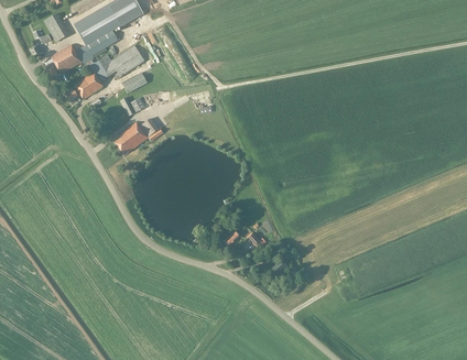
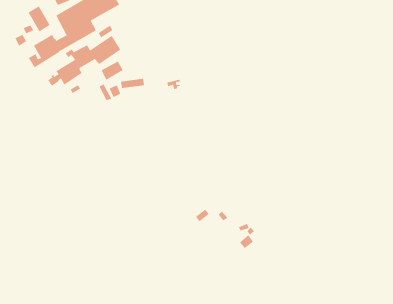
building: [116,118,164,154] -> none

